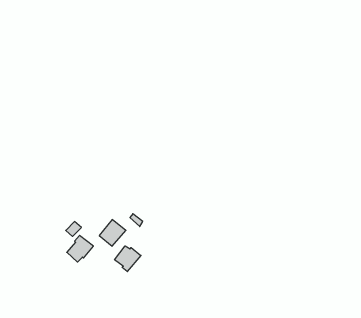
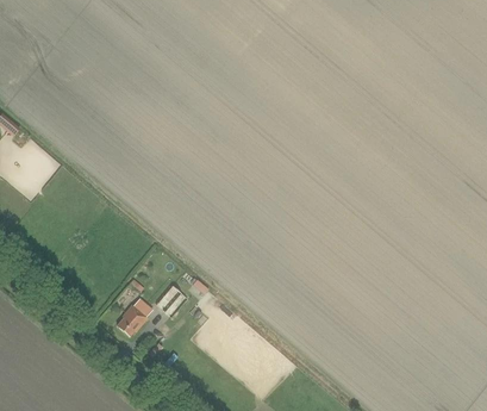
building: [115,246,141,272] -> none

